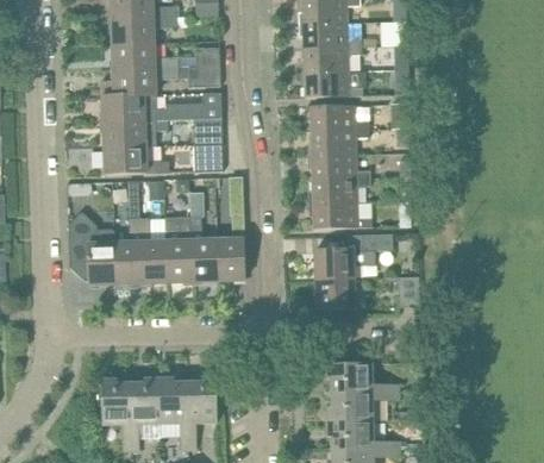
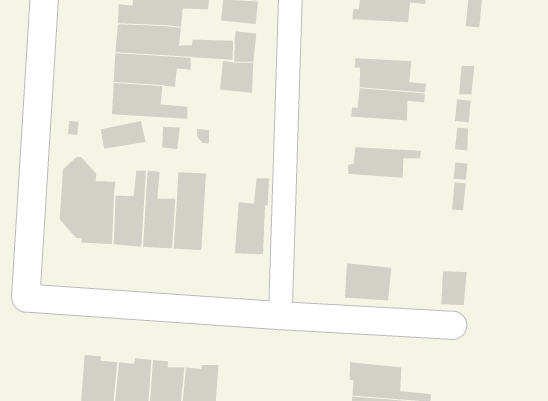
building: [300,71,389,98] -> none
building: [194,144,223,169] -> none
building: [307,155,370,181] -> none
building: [309,204,371,229] -> none
building: [190,215,220,281] -> none
building: [315,233,393,280] -> none

